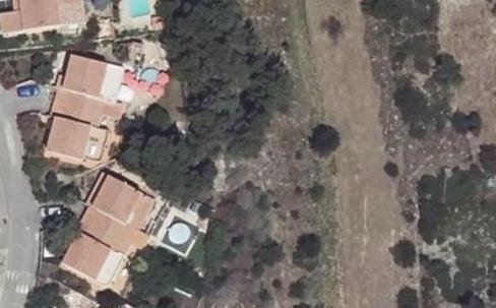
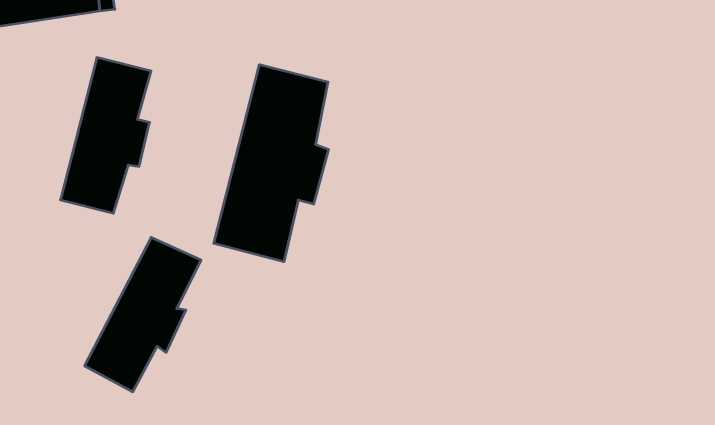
building: none -> [214,65,328,262]

